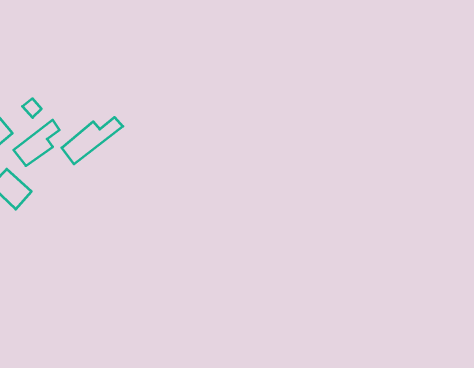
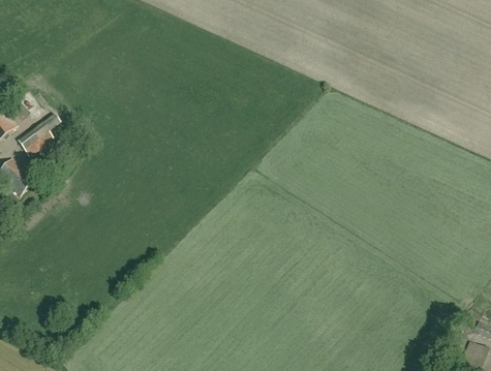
building: [62,117,123,164] -> none

